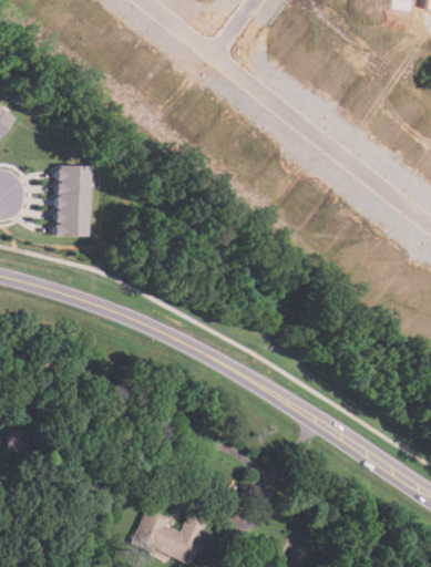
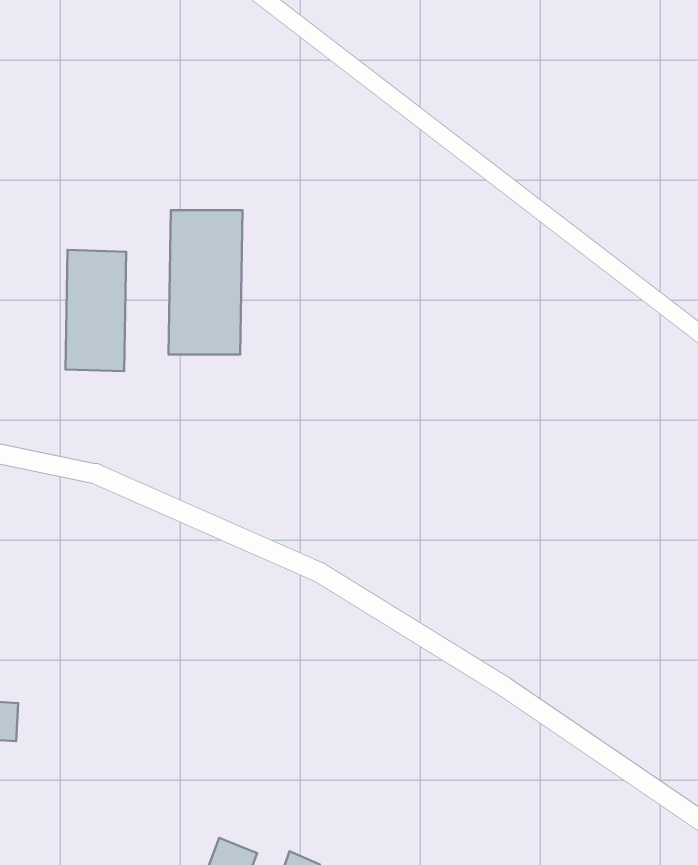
building: none -> [169,210,242,355]

